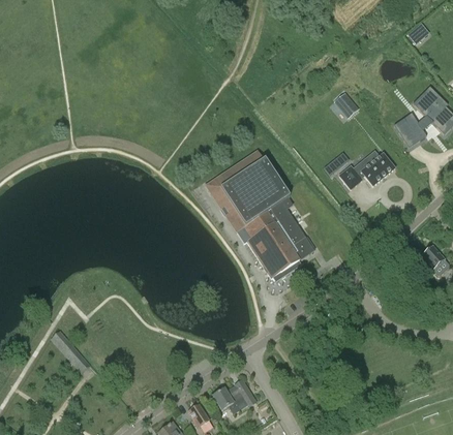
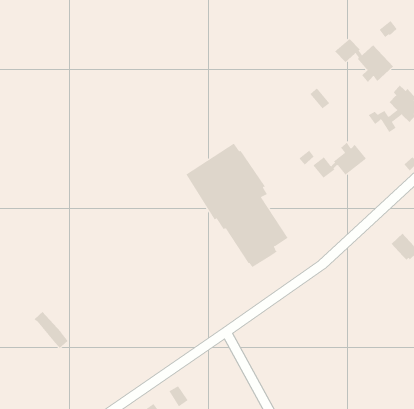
building: none -> [334,38,394,83]
building: [213,380,255,414] -> none

